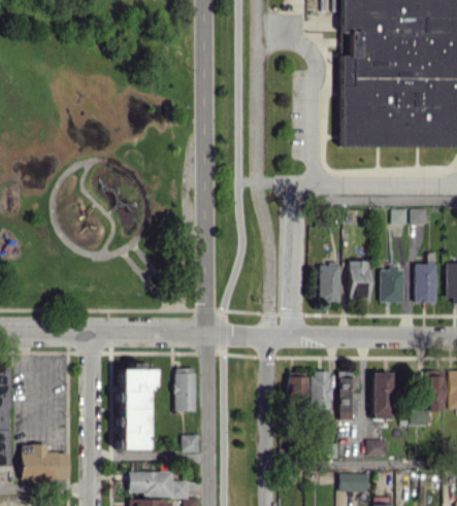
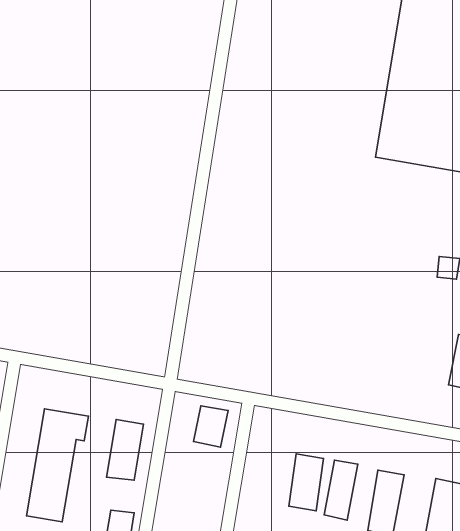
building: [350,261,371,301] -> none
building: [320,264,341,301] -> none
building: [381,267,404,302] -> none
building: [288,377,309,405] -> [193,406,228,447]

